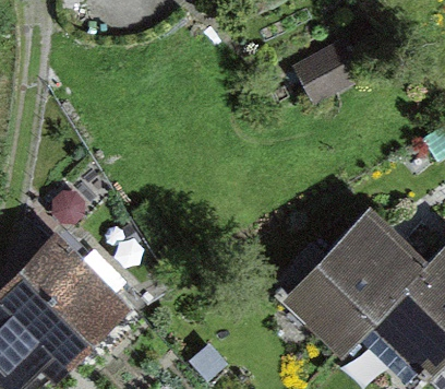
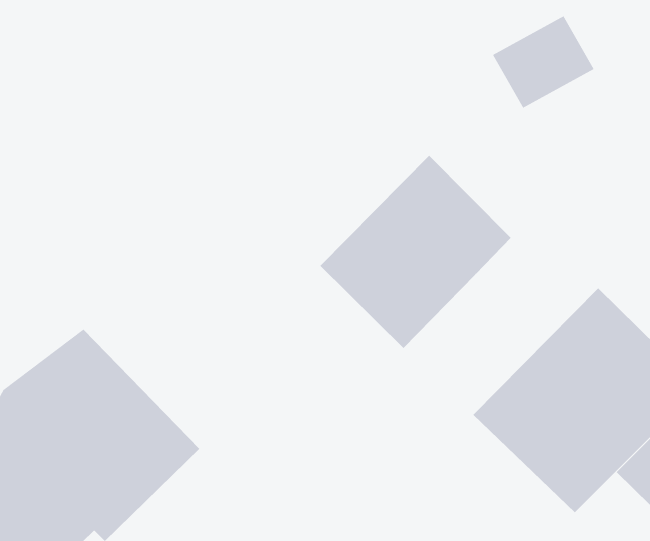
building: none -> [320,155,512,349]

